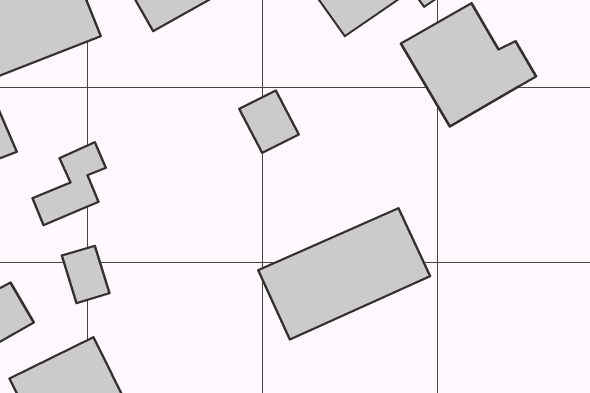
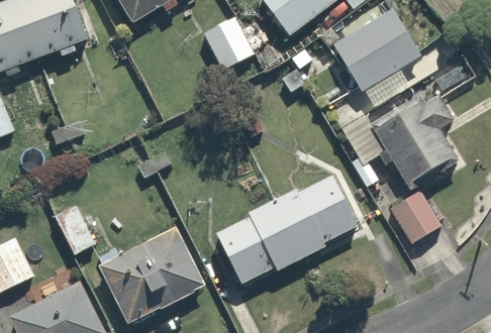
building: [239,91,299,153] -> [204,16,254,68]
building: none -> [346,85,465,241]
building: none -> [98,224,205,323]

